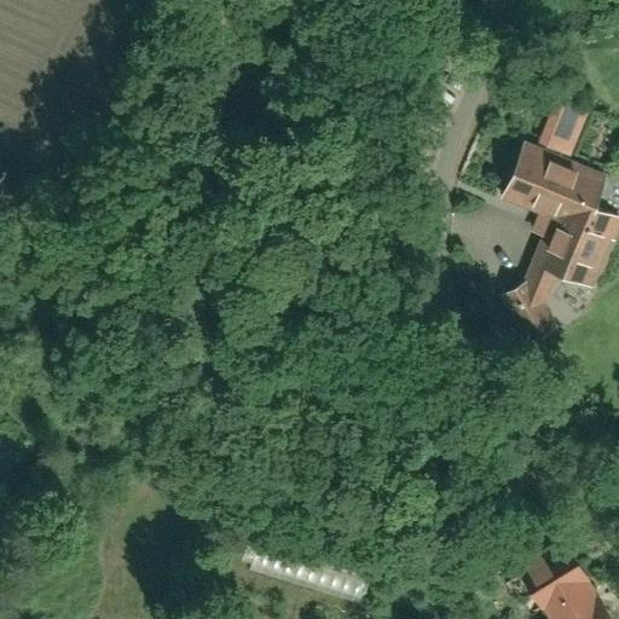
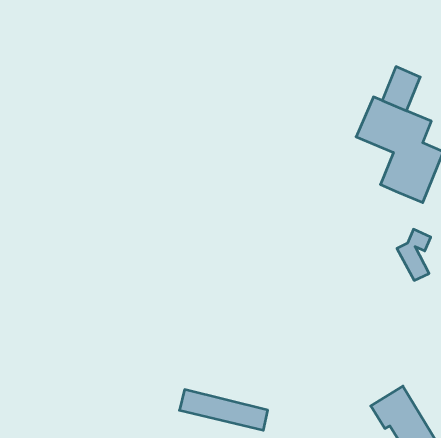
building: [510,264,557,335] -> [397,229,431,280]

